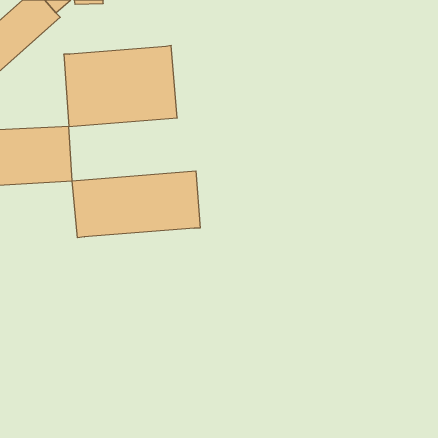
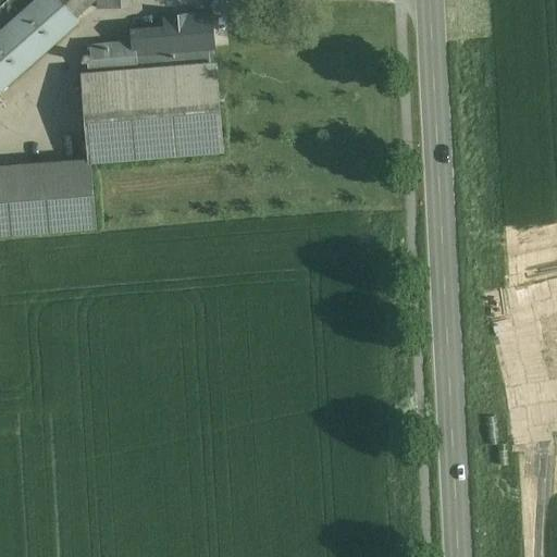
building: none -> [86,13,210,71]
building: [72,171,200,238] -> none

